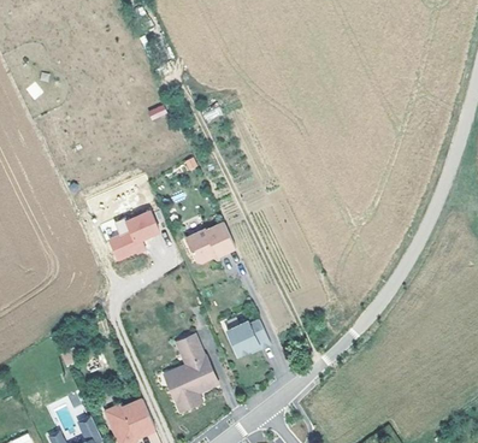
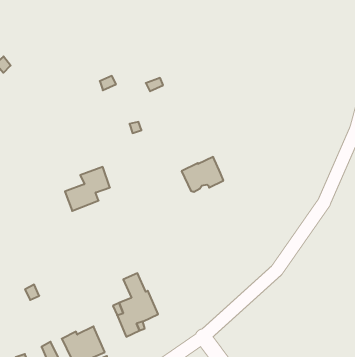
building: [184,223,234,264] -> [182,157,223,192]
building: [224,321,267,358] -> none

